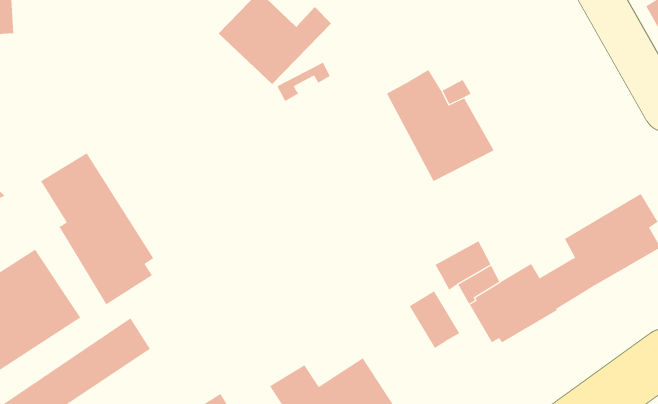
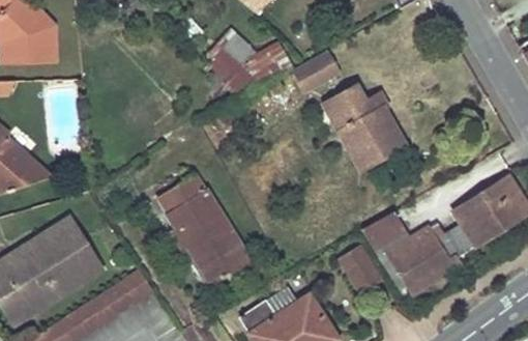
building: none -> [296,52,340,90]
building: [40,152,154,305] -> [160,175,243,286]

